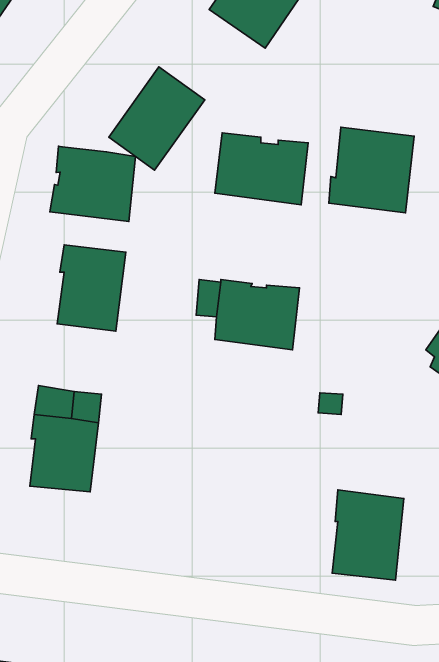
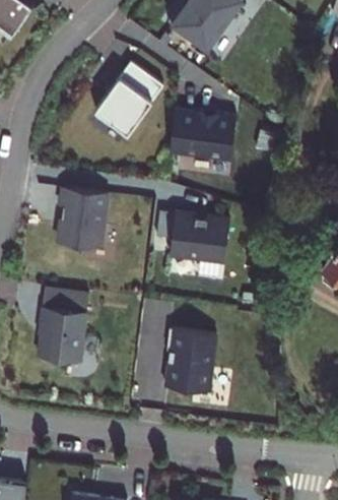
building: [329,127,414,213] -> none
building: [50,146,136,221] -> none
building: [332,490,404,580] -> [167,330,218,394]

